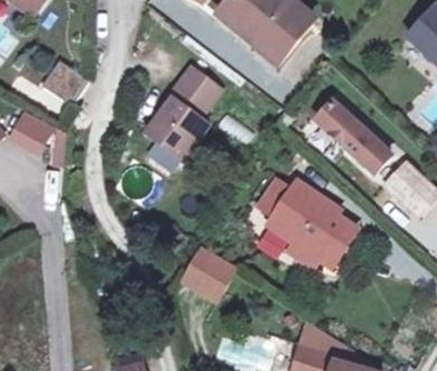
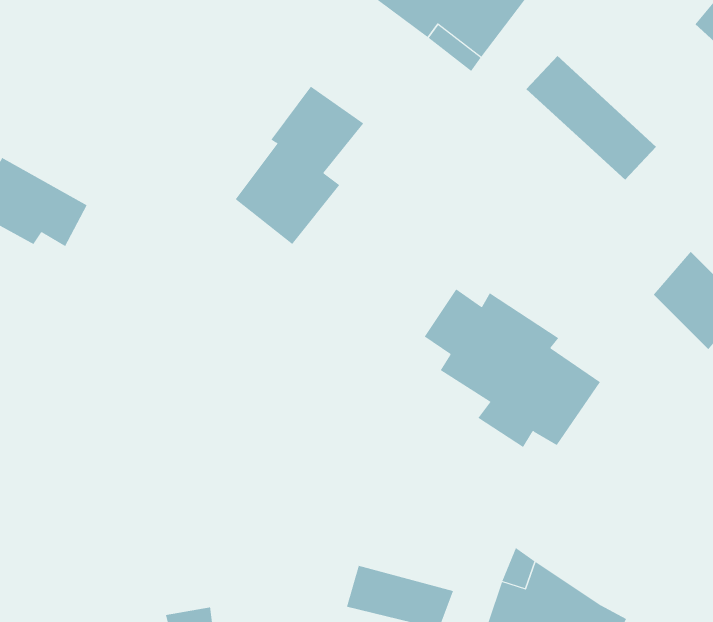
building: [39,58,88,103] -> none
building: [314,99,387,169] -> [526,55,657,181]
building: [180,251,231,301] -> none

